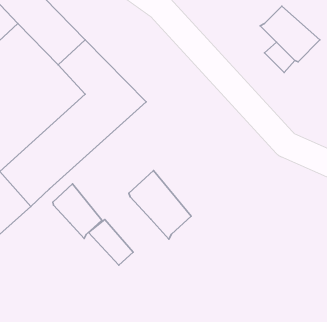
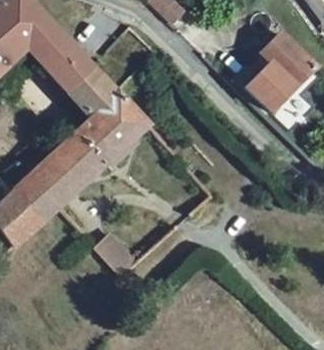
building: [129,170,191,239] -> none
building: [53,184,102,238] -> none

